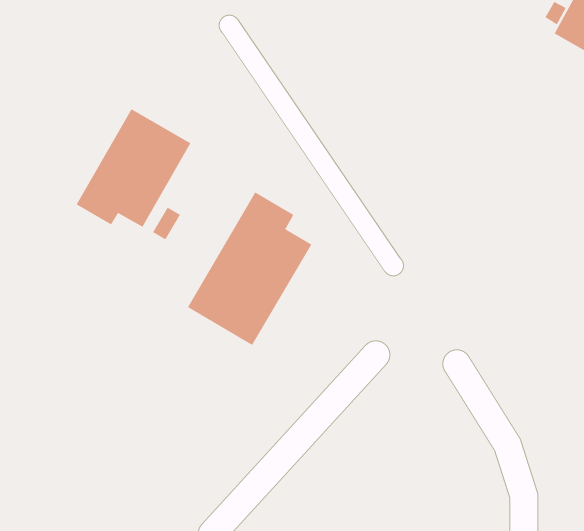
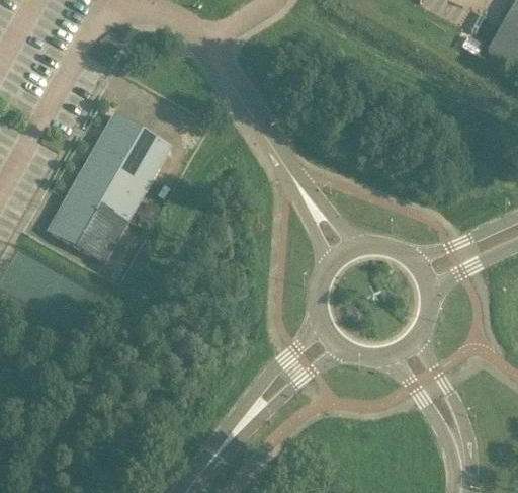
building: [187,192,312,346] -> none
building: none -> [50,196,126,259]

